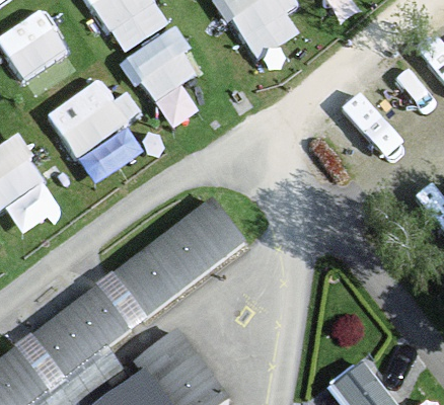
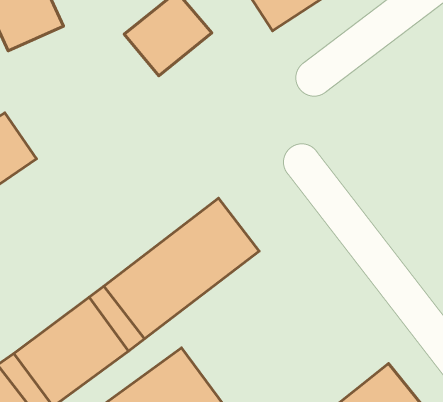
building: [46,78,129,156] -> none

